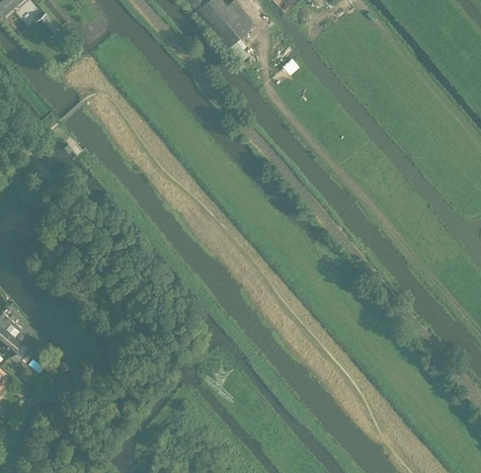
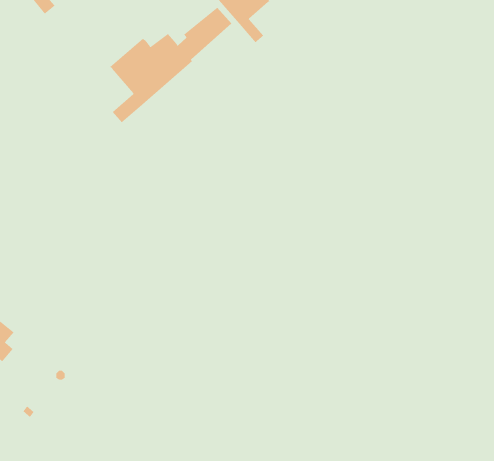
building: none -> [109,7,232,123]

